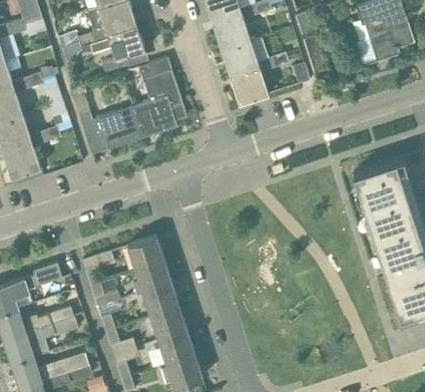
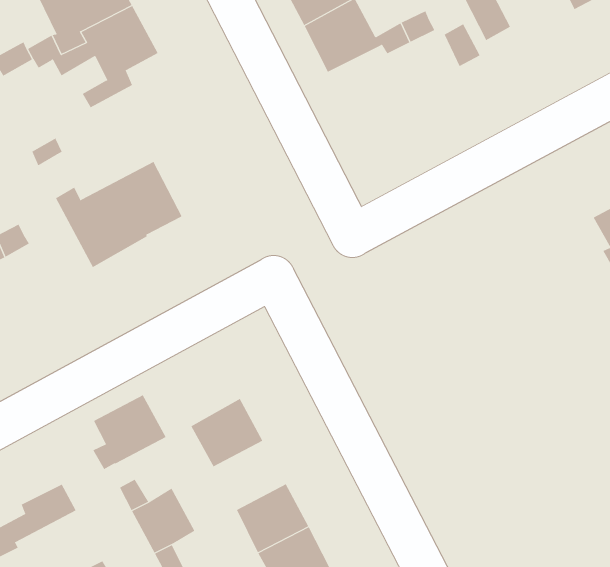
building: [132,59,186,139] -> none
building: [230,68,269,105] -> none
building: [132,261,171,296] -> [93,394,166,470]

